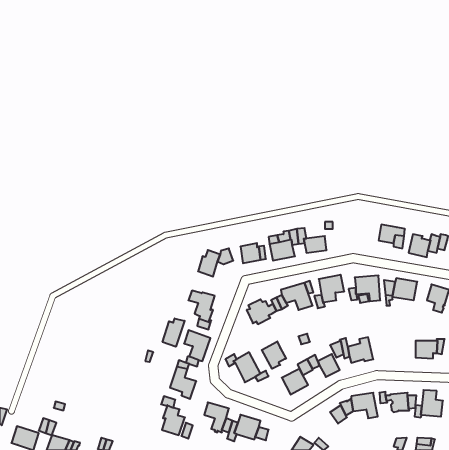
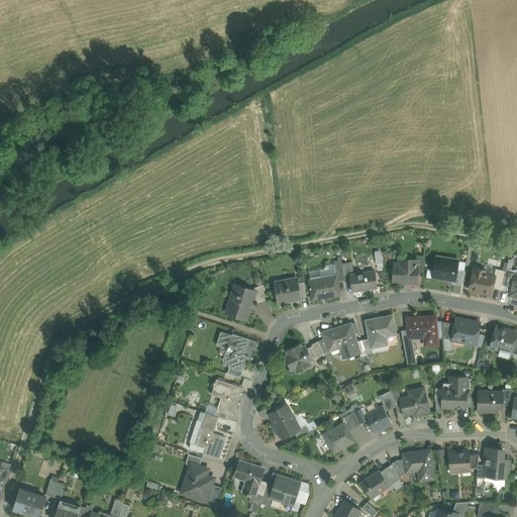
building: none -> [393,260,416,283]
building: [163,318,185,347] -> none
building: none -> [439,377,466,409]
building: [262,341,286,369] -> none
building: none -> [360,471,388,498]

